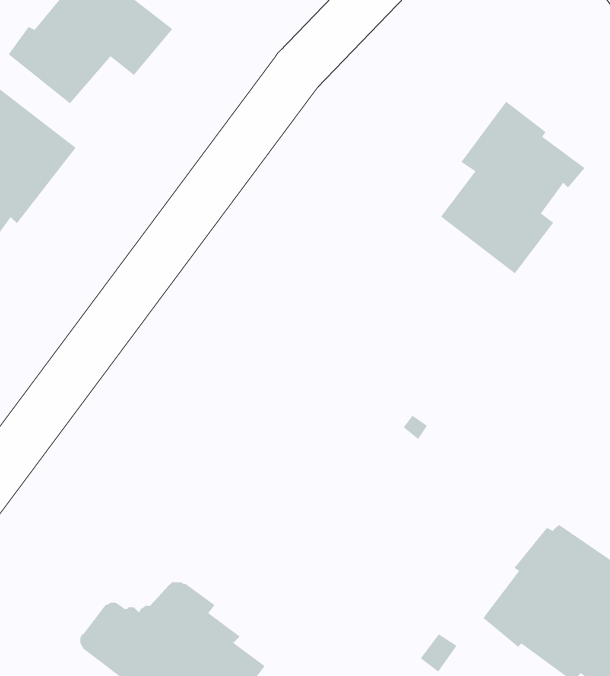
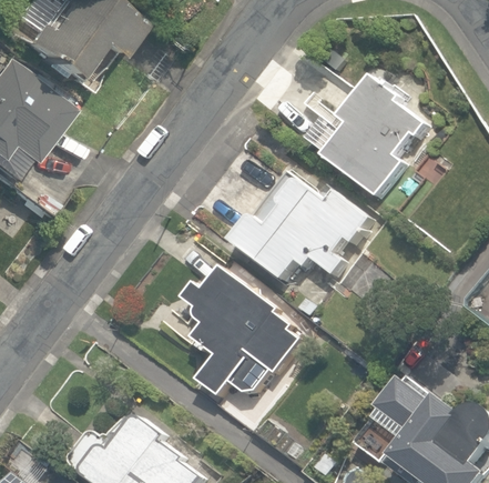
building: none -> [226,175,368,278]
building: none -> [183,266,297,396]

